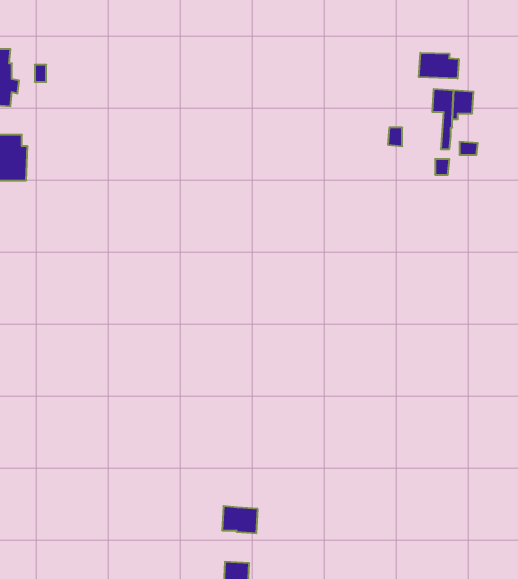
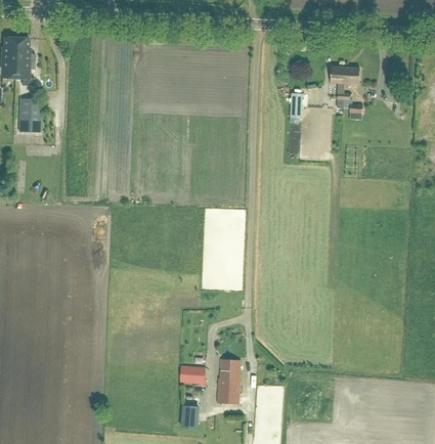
building: [419,53,459,79] -> none
building: none -> [217,359,242,404]

